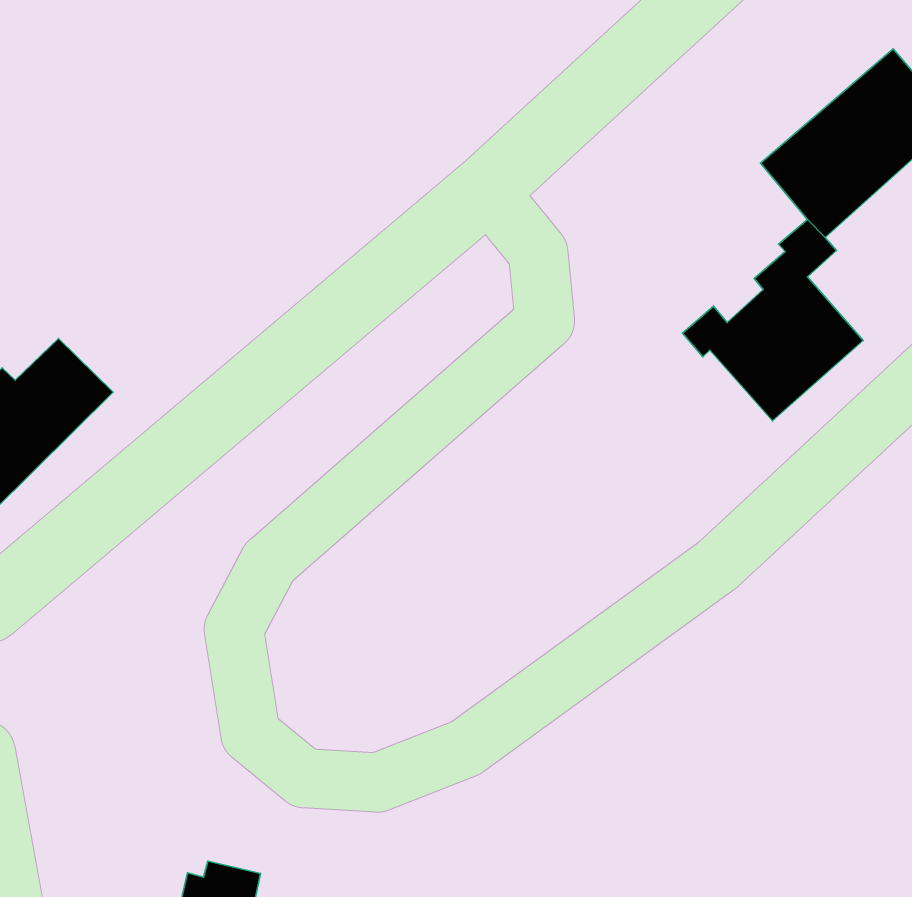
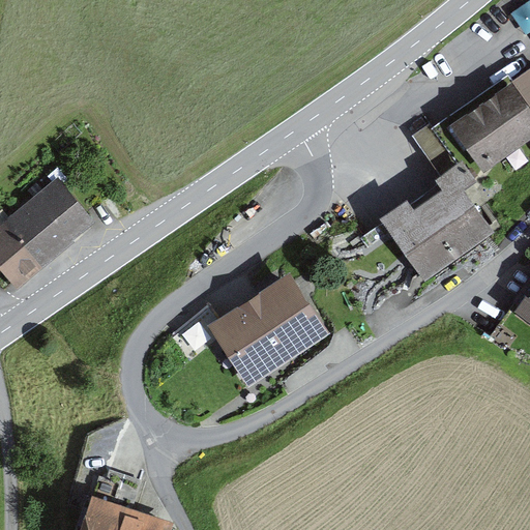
building: none -> [177,284,322,374]

